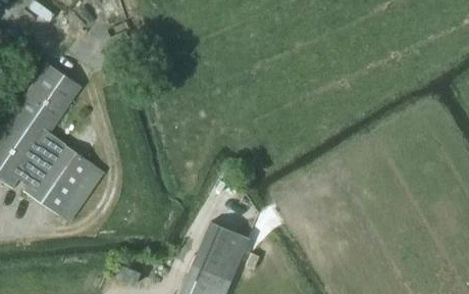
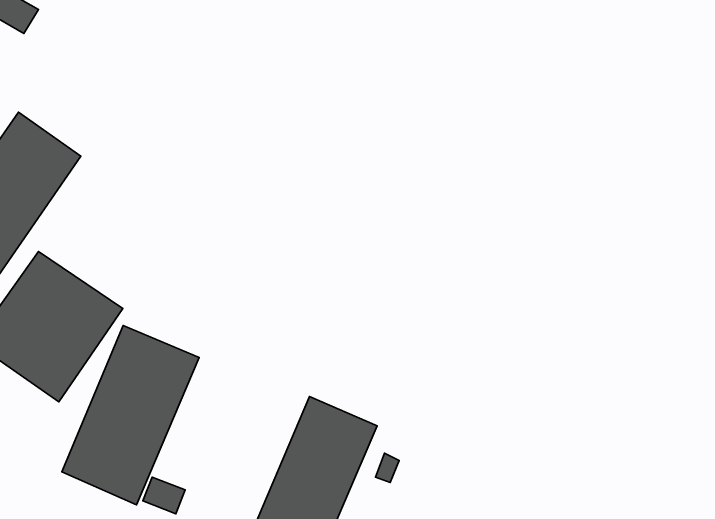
building: none -> [62,326,199,505]

